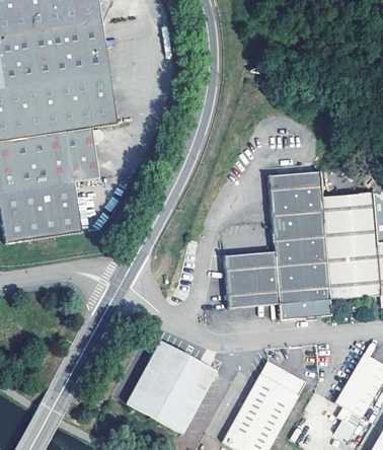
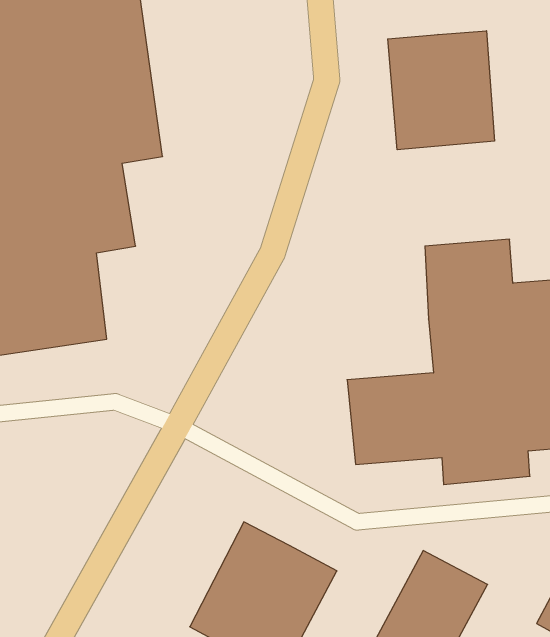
building: none -> [388,31,494,150]

